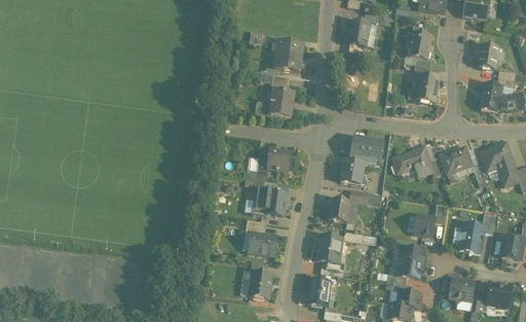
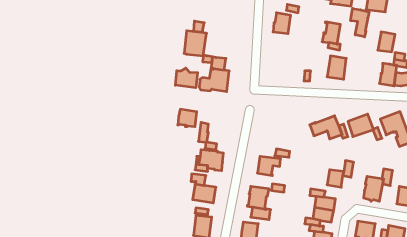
building: none -> [351,8,369,37]
building: [274,41,302,72] -> [184,31,207,56]
building: none -> [175,68,198,88]
building: [340,138,382,185] -> none
building: [266,149,290,171] -> [178,109,197,127]

